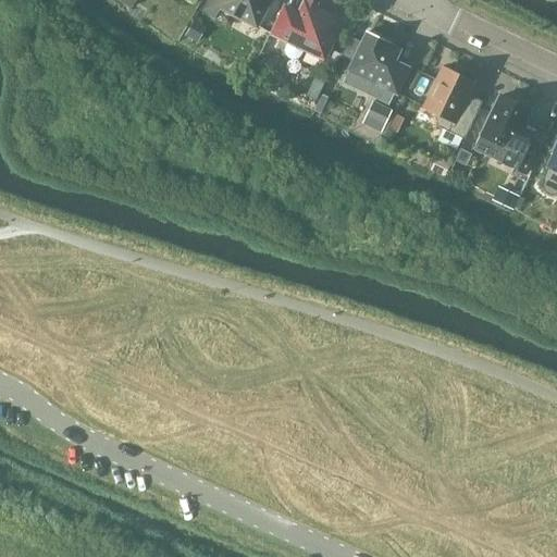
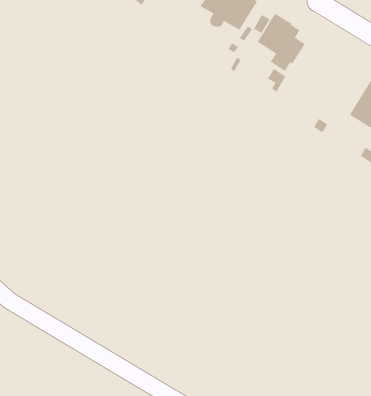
building: [423,66,479,148] -> none

